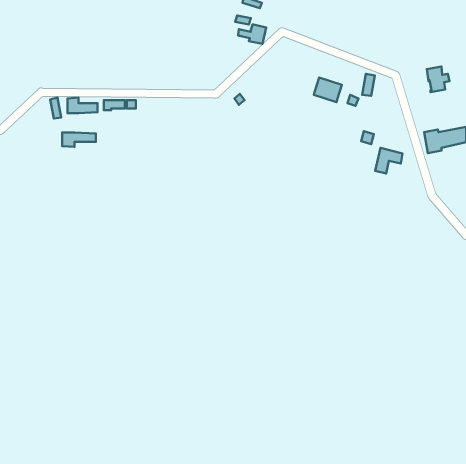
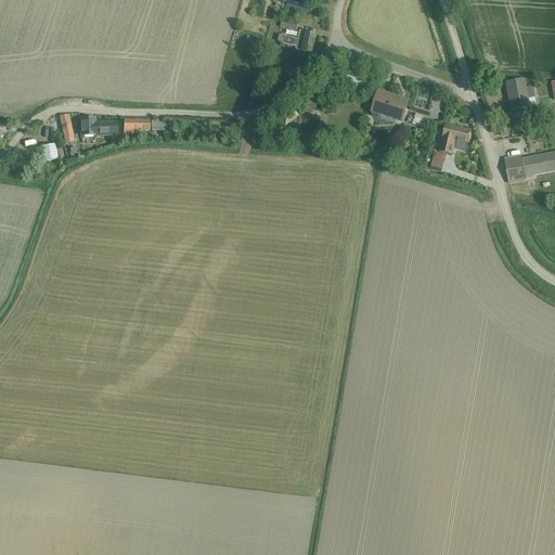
building: [62,133,96,147] -> none
building: [375,148,403,173] -> [439,124,472,154]

